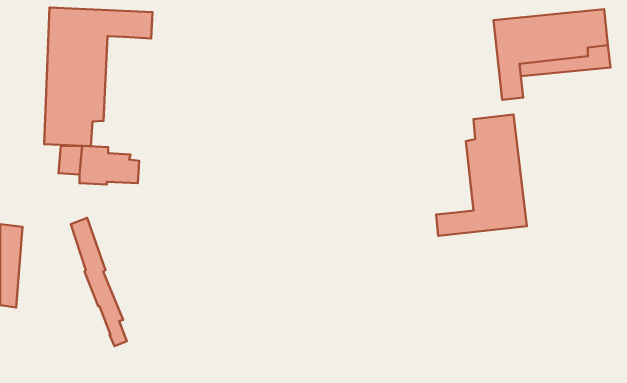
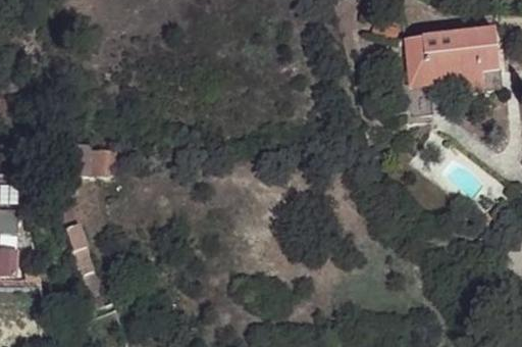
building: [44,7,153,146] -> none
building: [436,115,527,236] -> none

